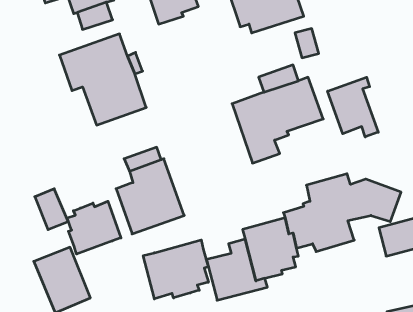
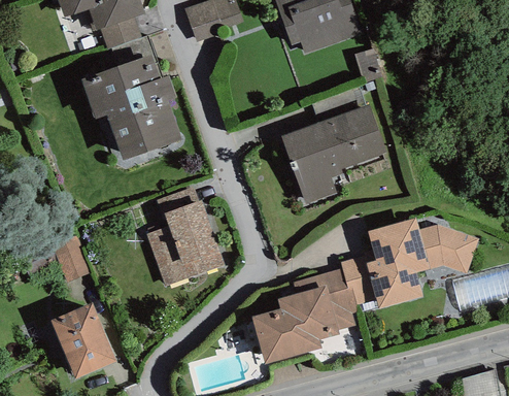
building: [328,77,378,137] -> none
building: [67,201,121,254] -> none
building: [143,240,208,299] -> none

